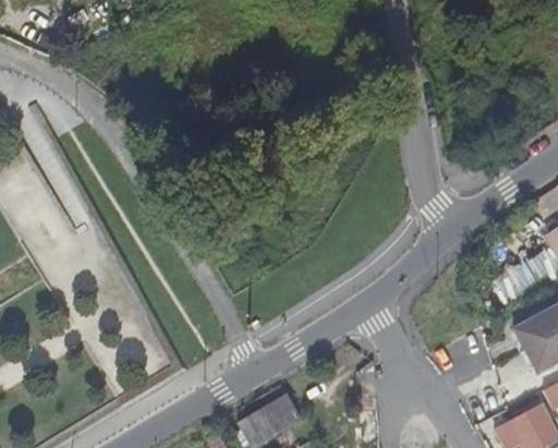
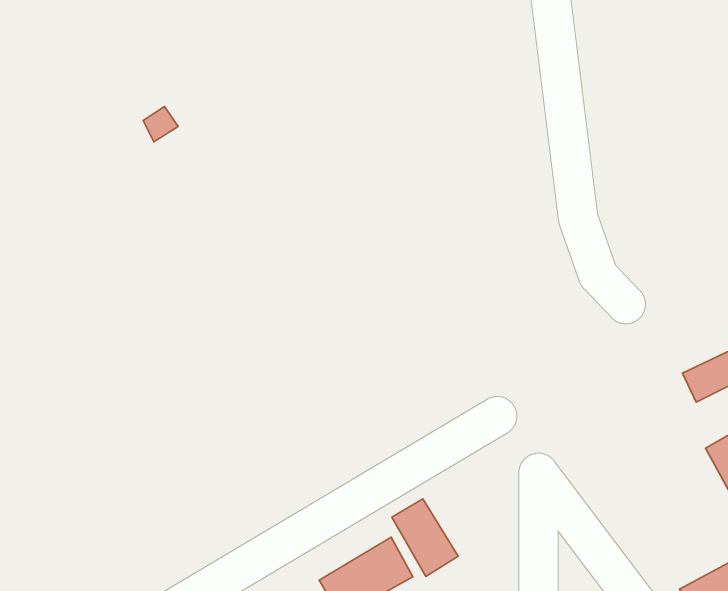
building: none -> [392,499,458,577]

